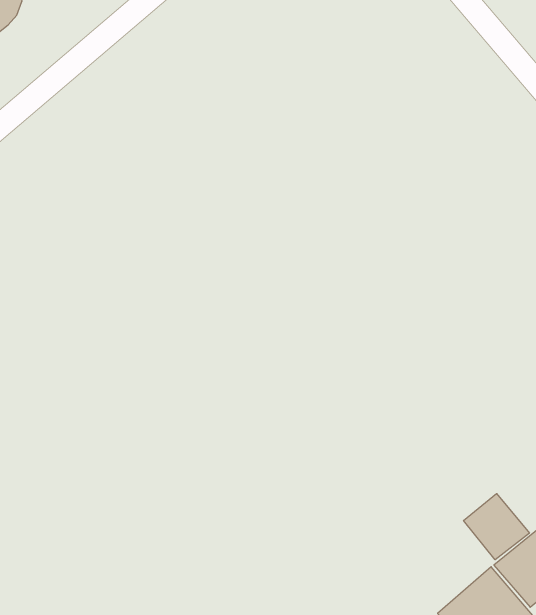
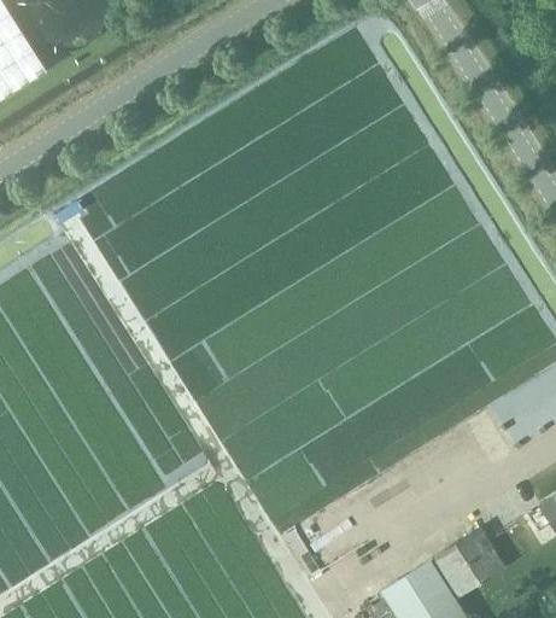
building: [464,494,529,560] -> none

